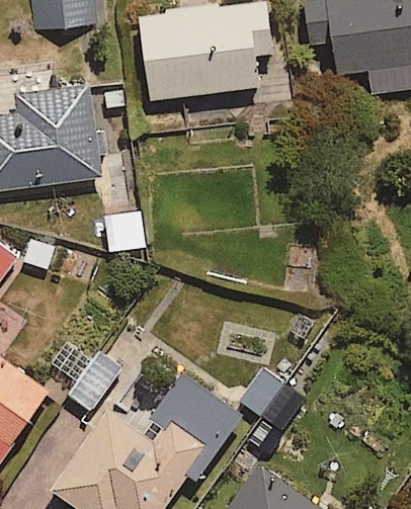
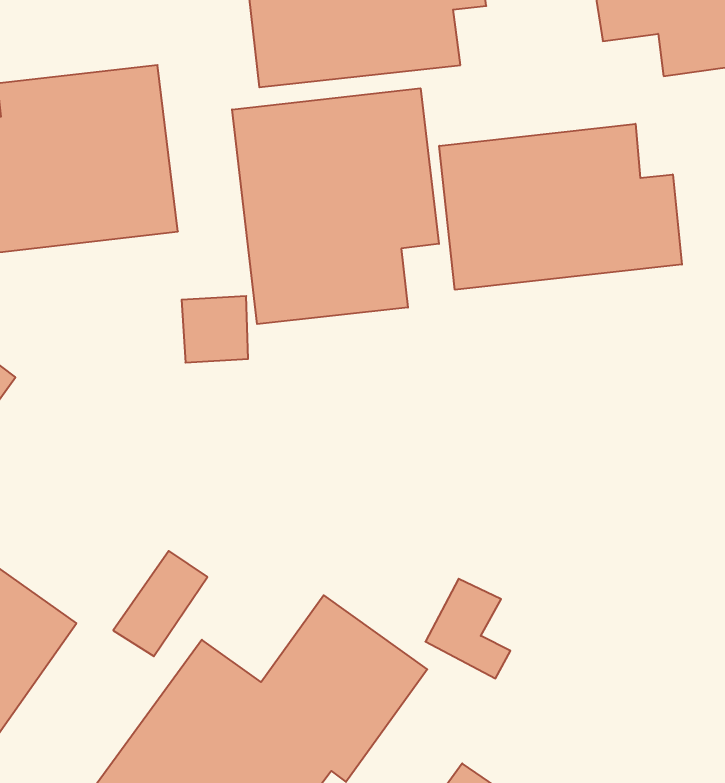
building: none -> [232,88,439,324]
building: none -> [439,124,682,290]

